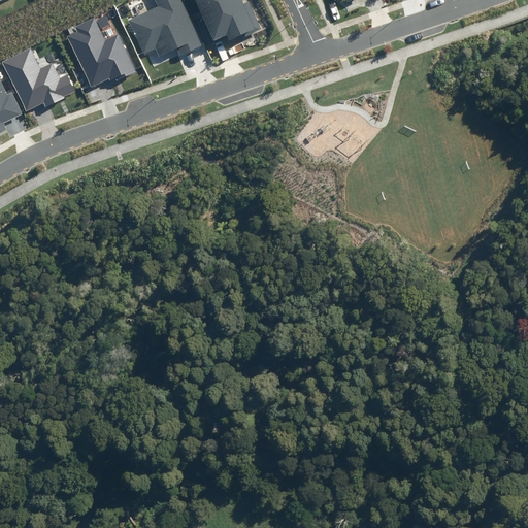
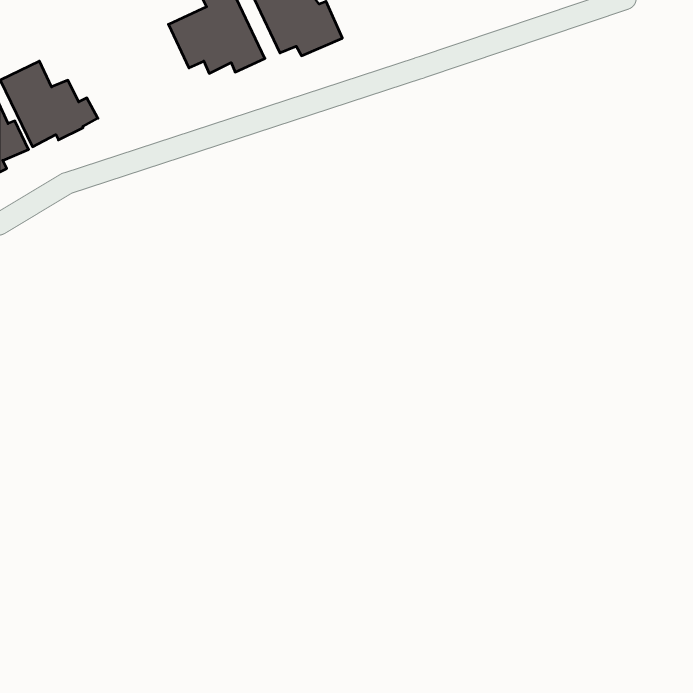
building: [66,16,135,86] -> none

